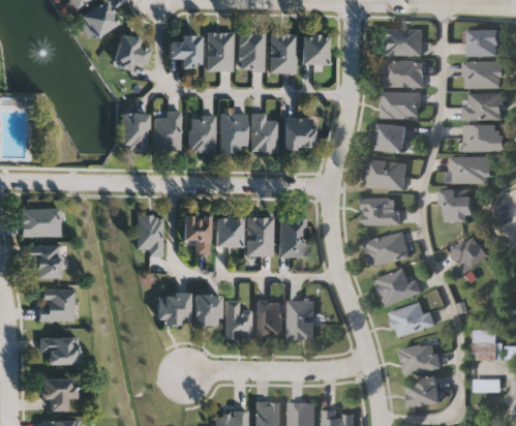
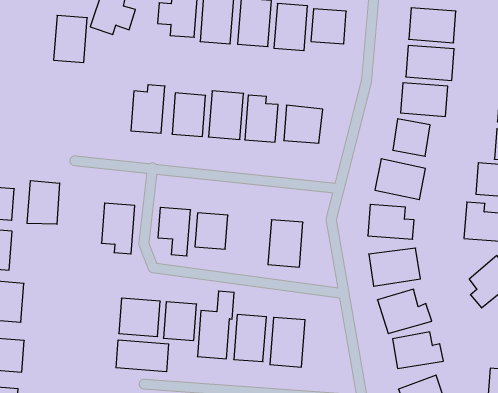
building: [122,114,148,152] -> [54,15,87,62]
building: none -> [27,181,60,224]
building: [247,217,273,255] -> none
building: none -> [116,340,169,372]

